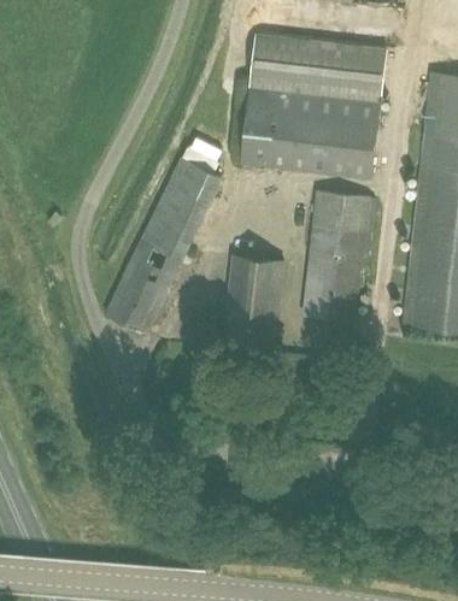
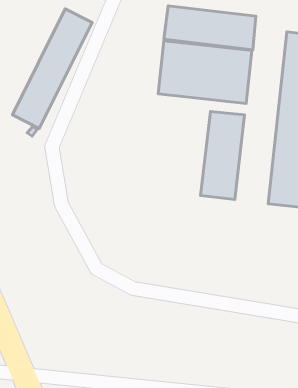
building: [105,157,223,334] -> [12,9,92,129]
building: [223,255,283,348] -> none

